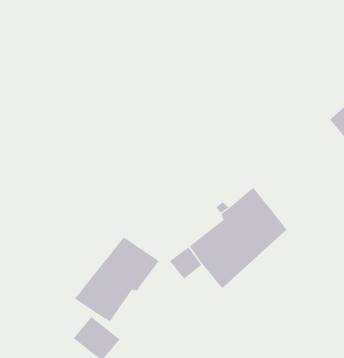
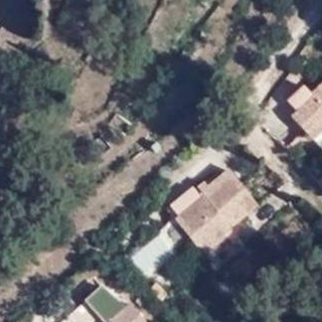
building: [74,236,159,322] -> none

